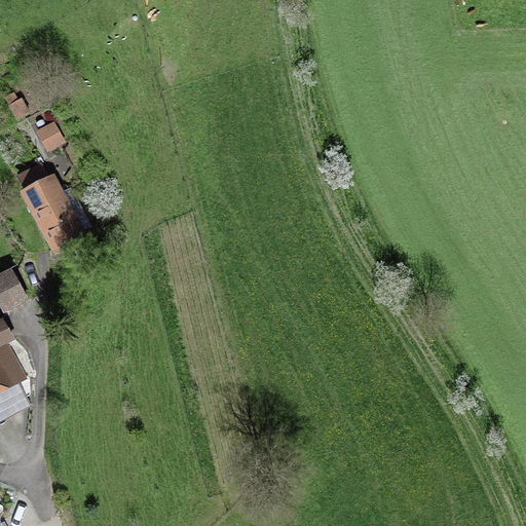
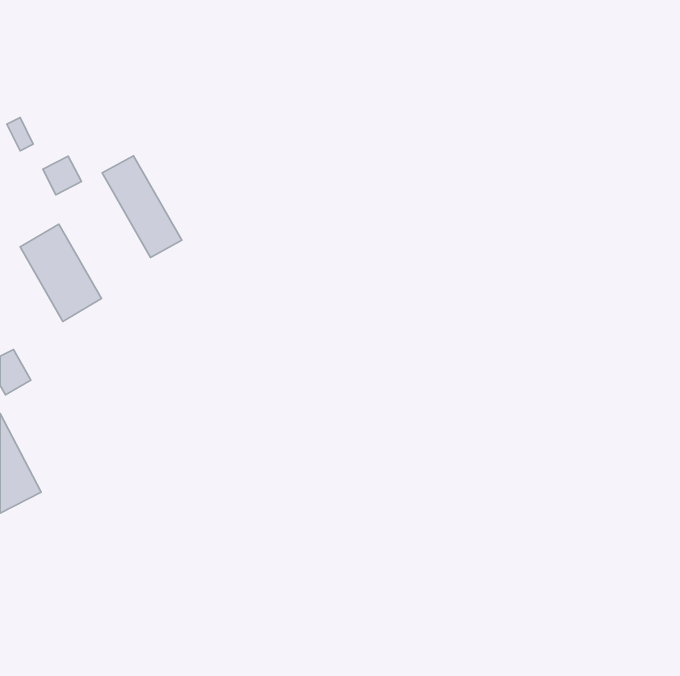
building: none -> [102,156,182,258]

